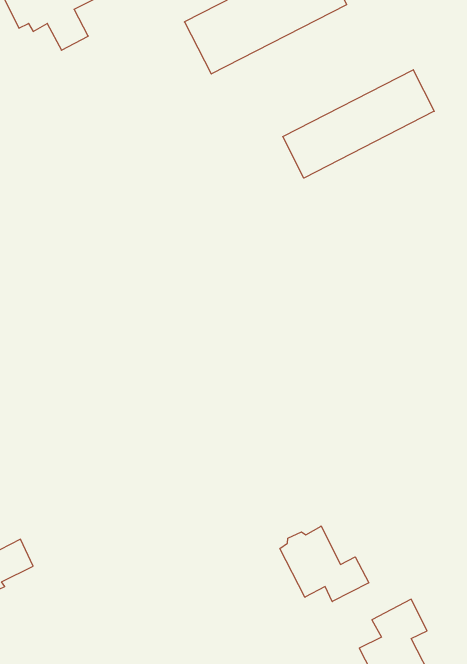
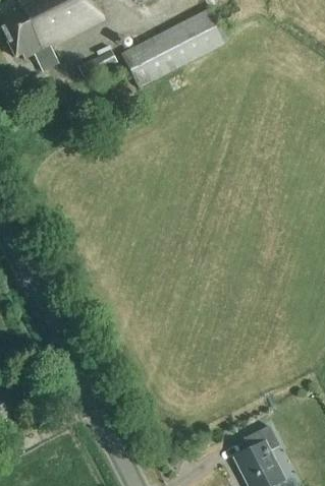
building: [283,70,434,178] -> none
building: [280,526,369,602] -> none

